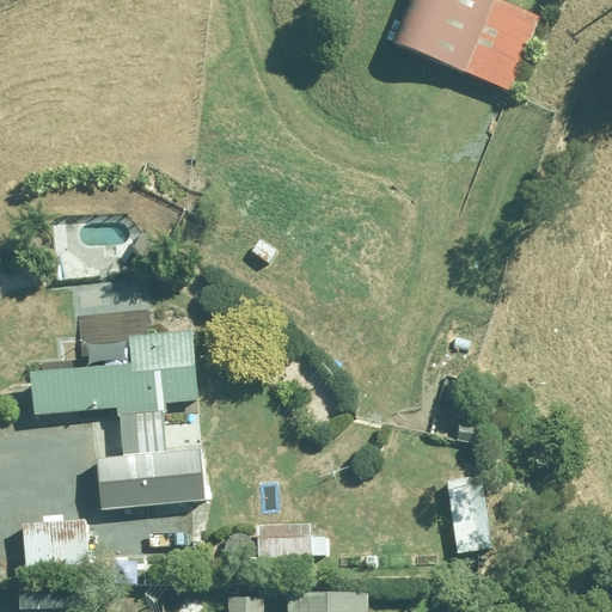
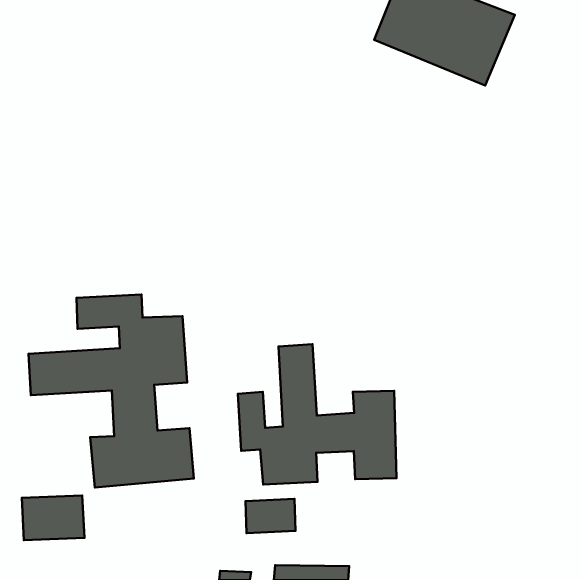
building: none -> [238,344,397,484]
building: [448,477,491,552] -> none

